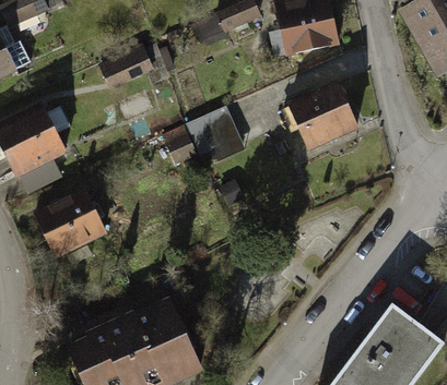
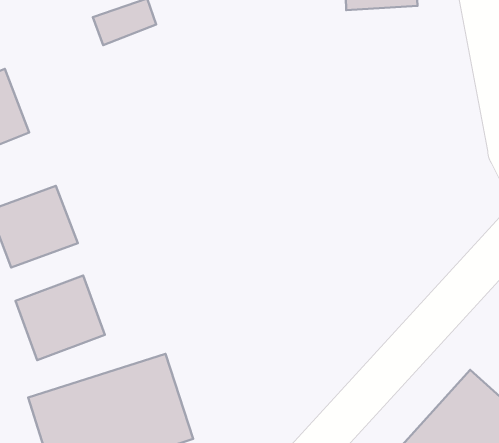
building: [290,92,354,147] -> none
building: [165,108,246,161] -> none
building: none -> [15,275,105,360]

